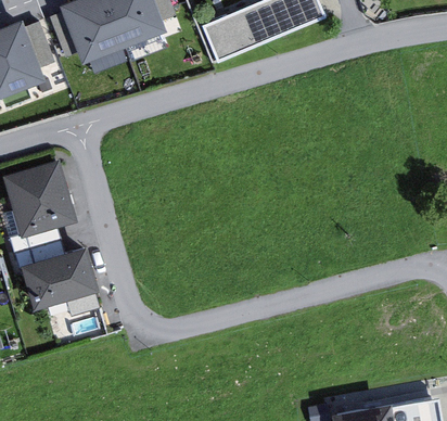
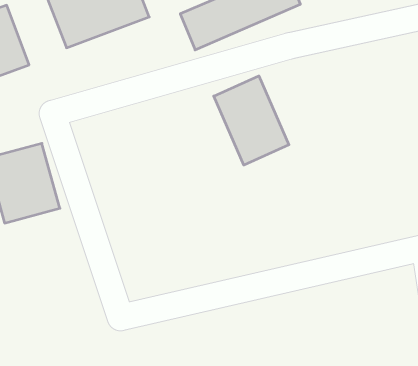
building: none -> [214,76,289,165]
building: [21,245,102,312] -> none

